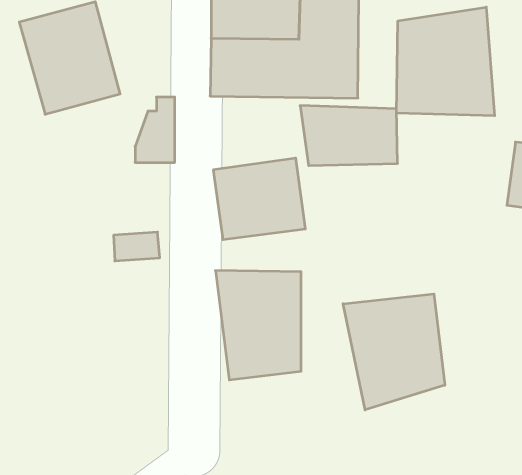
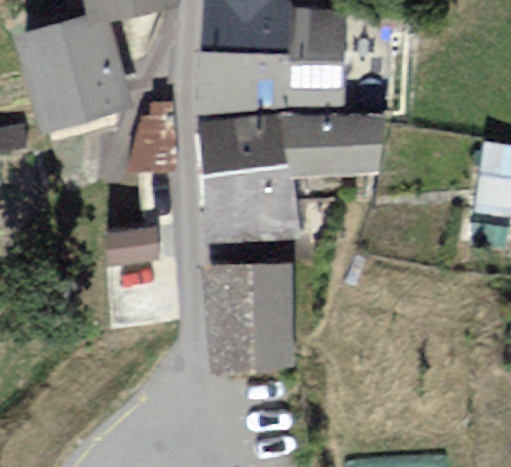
building: [397,7,495,116] -> none
building: none -> [200,113,284,173]
building: [343,294,445,410] -> none

